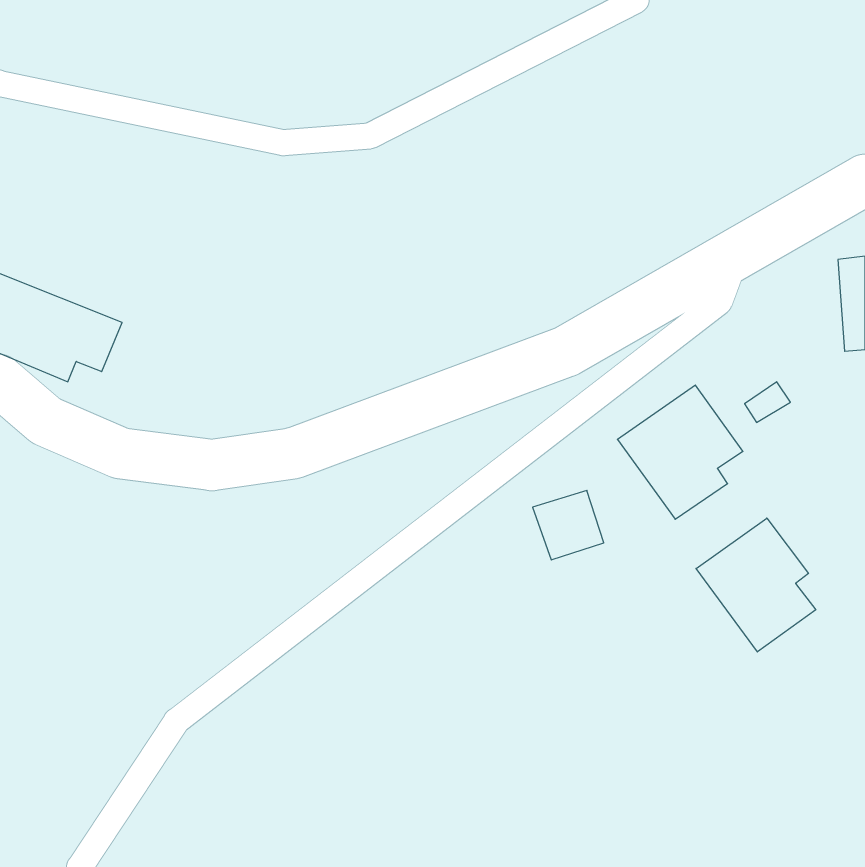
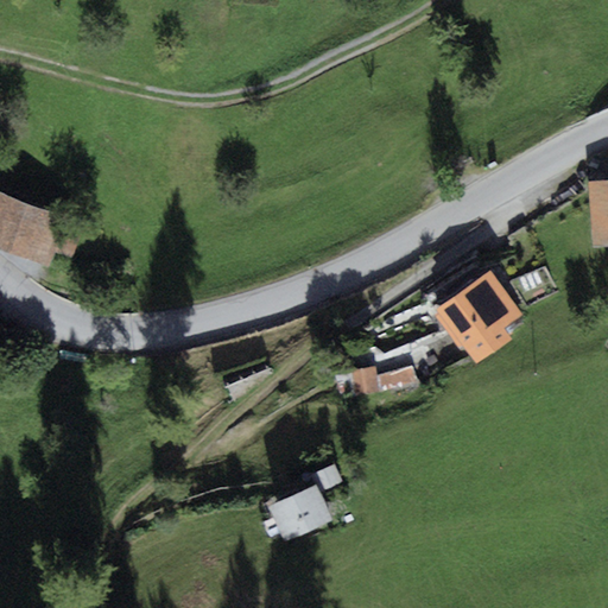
building: [696,518,816,652] -> none
building: none -> [267,464,341,542]

